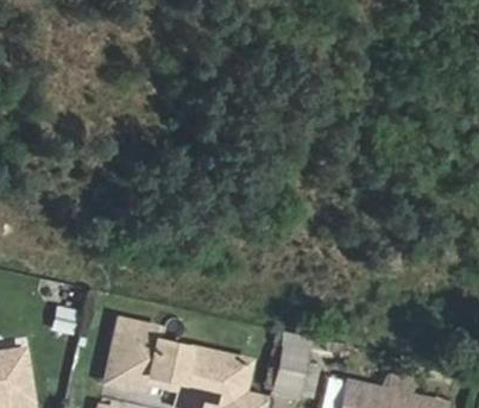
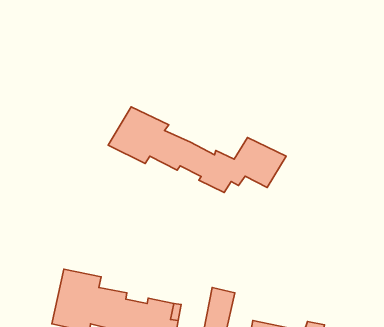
building: none -> [108,107,286,193]

